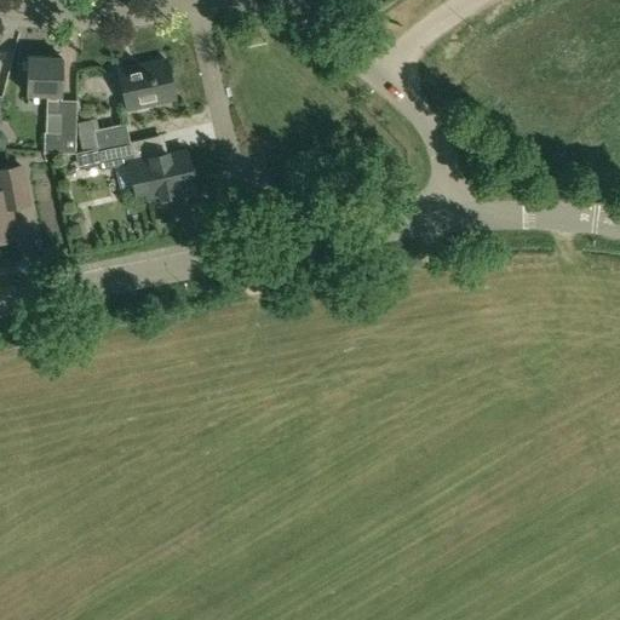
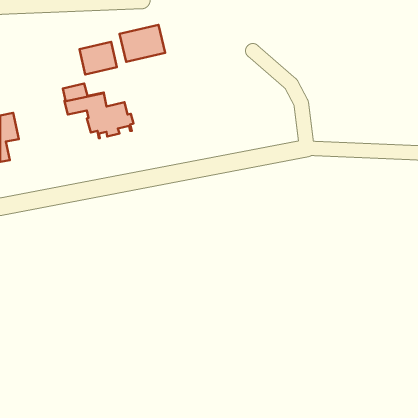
building: none -> [119,25,165,62]
building: [27,57,76,155] -> none

